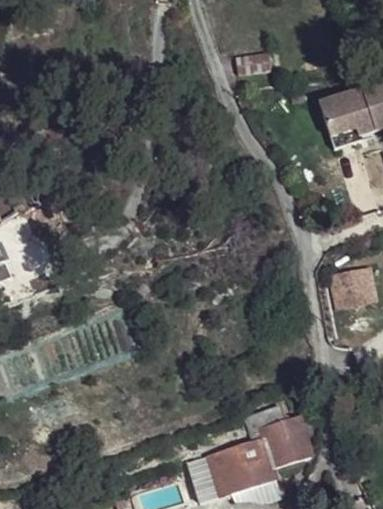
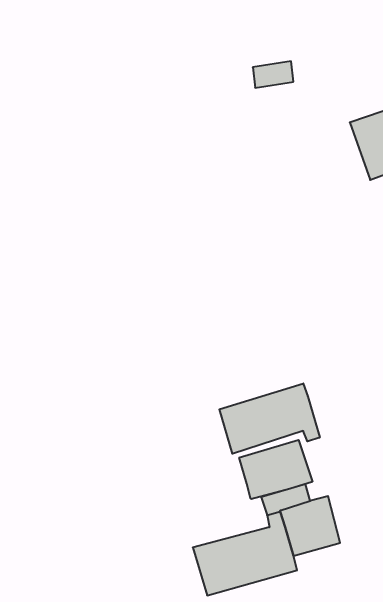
building: none -> [219,383,320,454]
building: none -> [239,440,312,499]

